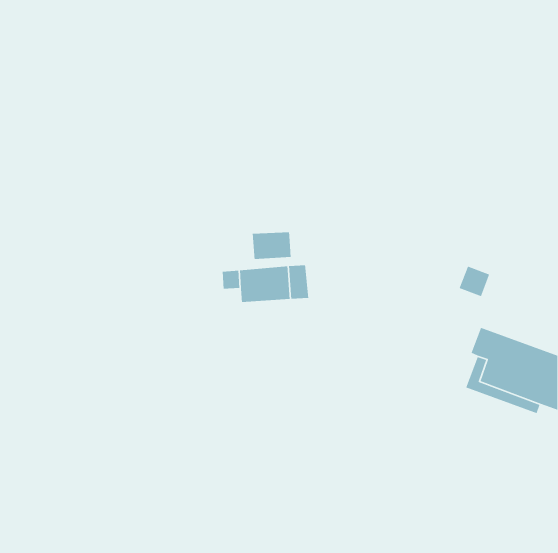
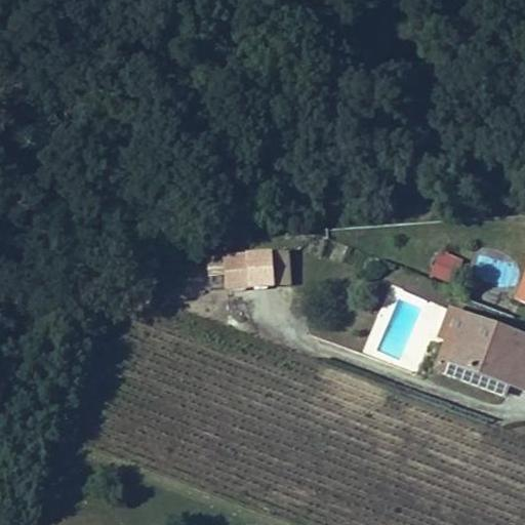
building: [252,232,292,260] -> none

